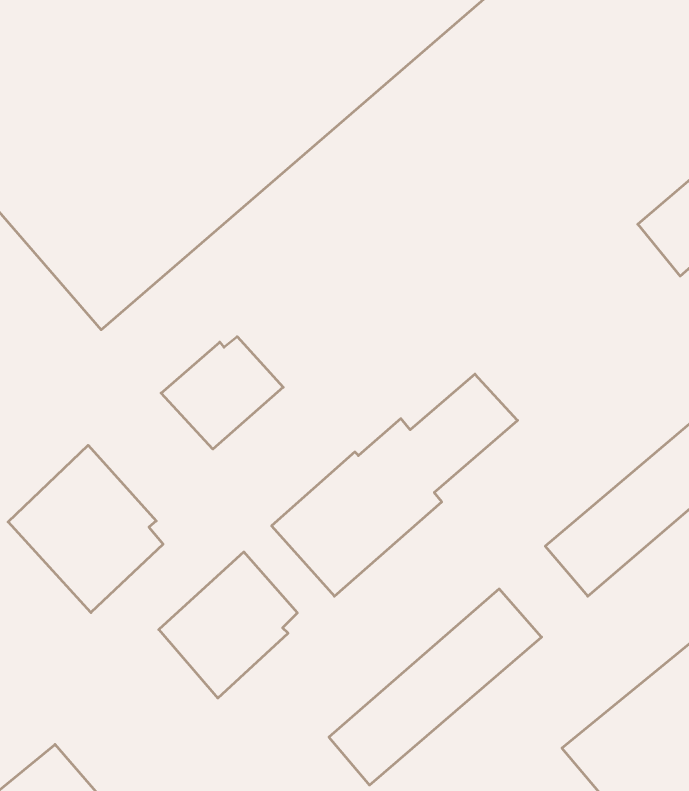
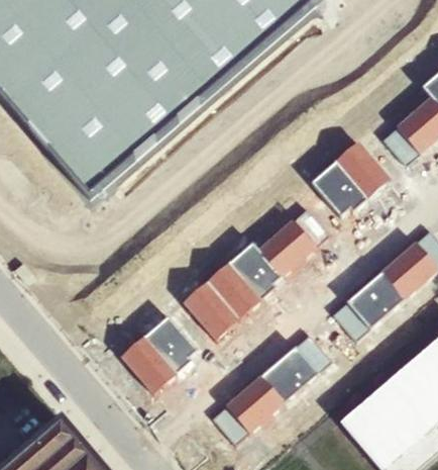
building: none -> [312,140,391,212]
building: [161,337,283,449] -> none
building: [8,445,163,613] -> none

